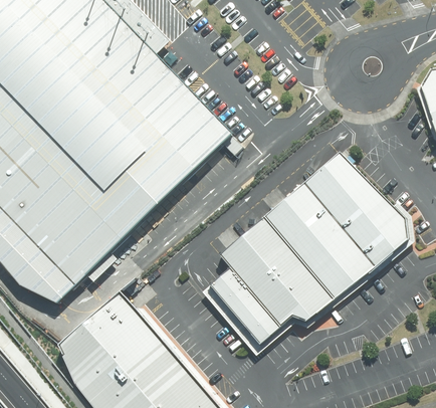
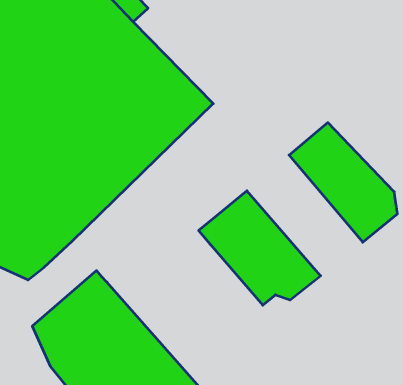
building: [263,183,374,298] -> none
building: [203,268,278,350] -> none

